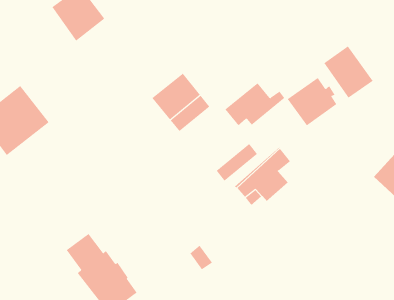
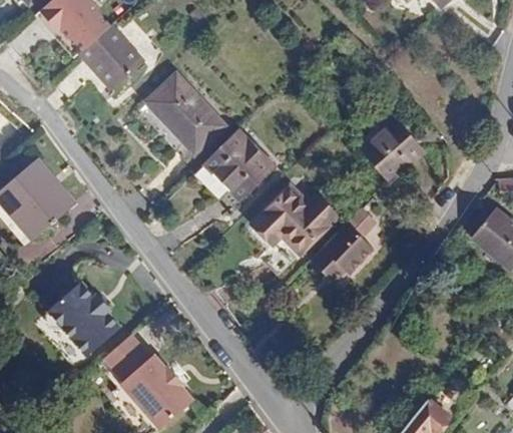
building: none -> [145,75,221,152]
building: [324,46,374,98] -> none
building: [224,83,285,126] -> [248,191,321,246]
building: none -> [49,276,123,350]

